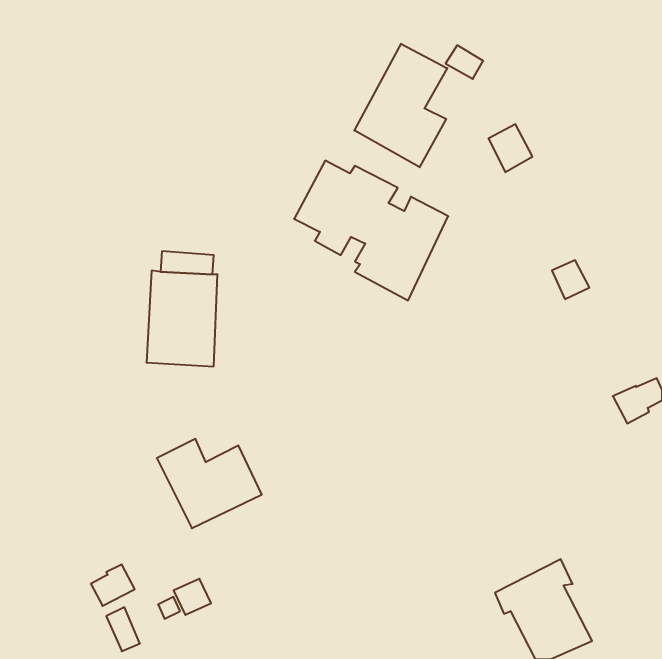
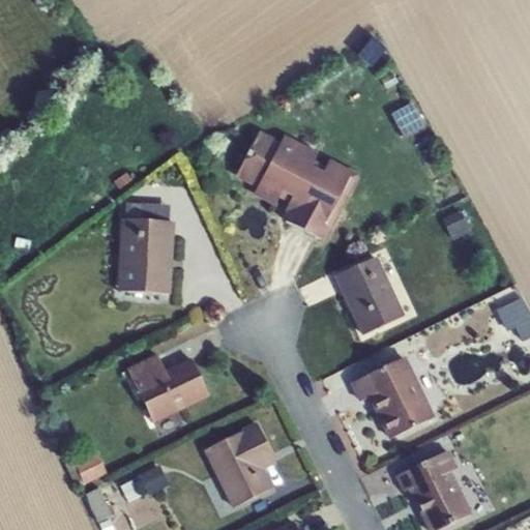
building: [354,44,447,167] -> none
building: none -> [333,255,404,333]
building: none -> [349,355,435,438]
building: none -> [203,421,276,507]

